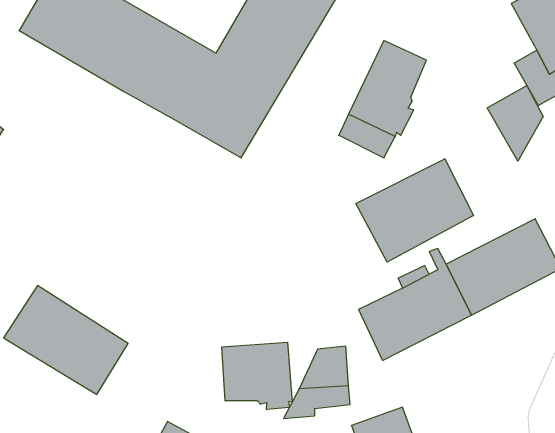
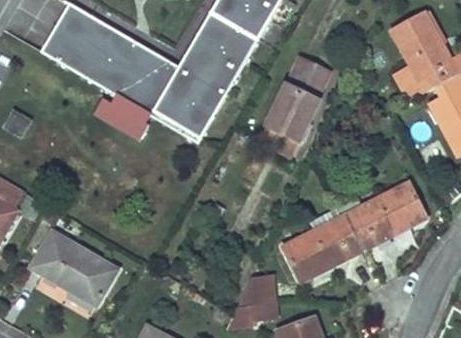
building: [487,86,543,161] -> none
building: none -> [94,92,152,138]
building: [356,159,474,262] -> none
building: [222,342,292,410] -> none

